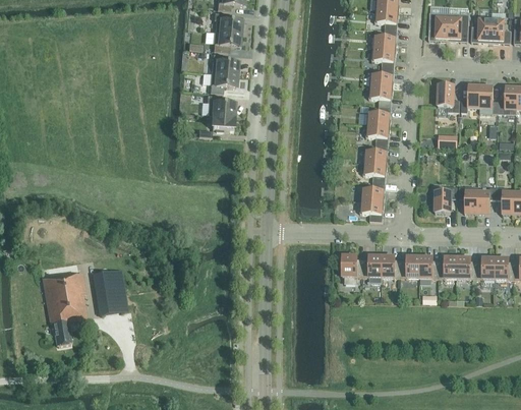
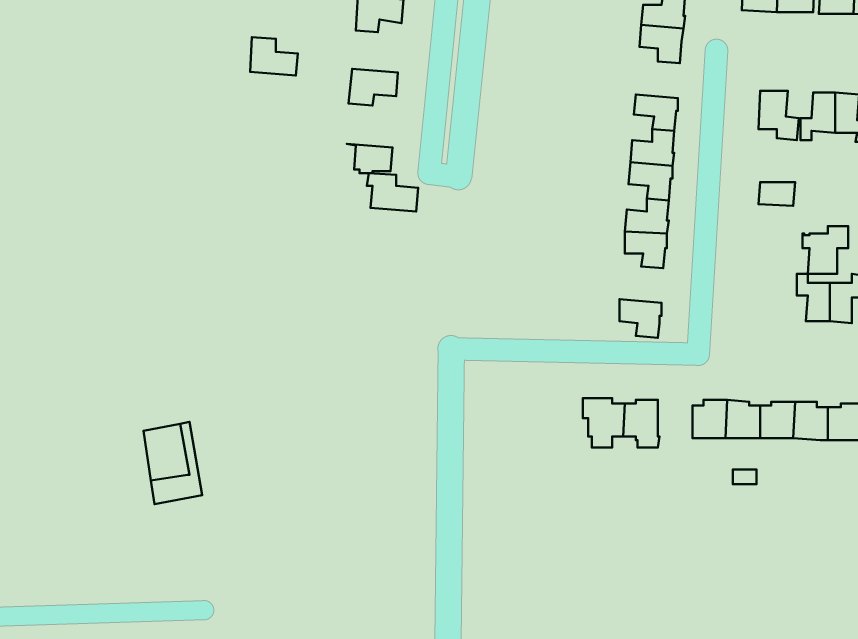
building: [212,52,238,73] -> [250,37,298,75]
building: [369,67,394,87] -> none
building: [207,94,235,115] -> [367,173,418,211]
building: [360,181,385,201] -> none
building: [431,185,457,212] -> [802,226,848,274]
building: [382,255,401,277] -> none
building: [43,272,86,344] -> none

